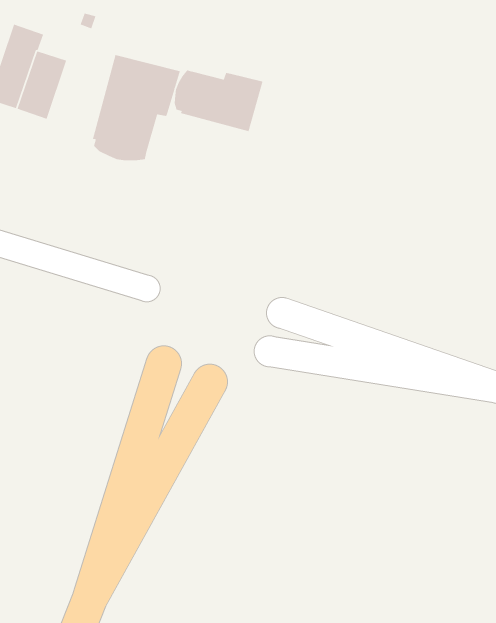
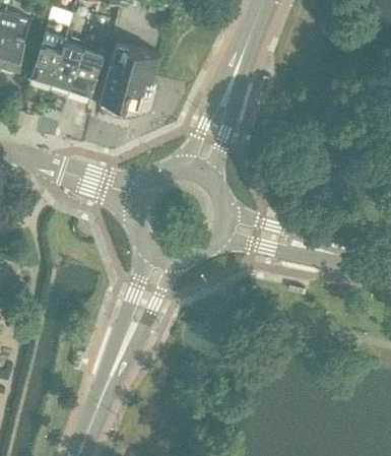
building: none -> [71,48,104,93]
building: [174,70,263,132] -> none

